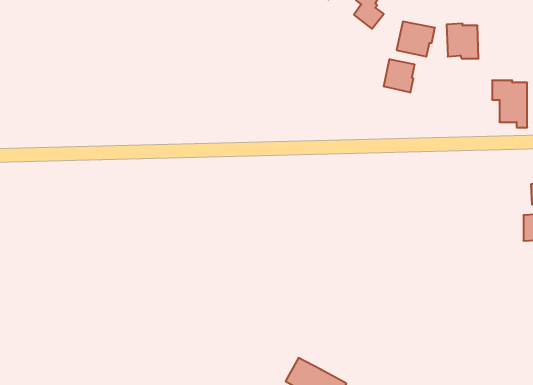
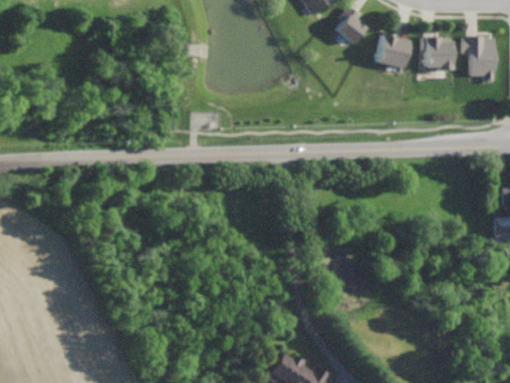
building: [384,59,414,93] -> none
building: [492,80,527,127] -> [462,35,495,79]

